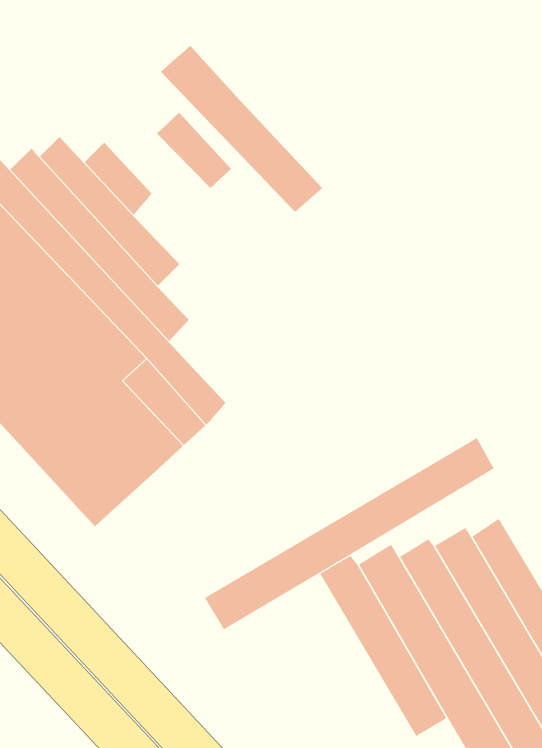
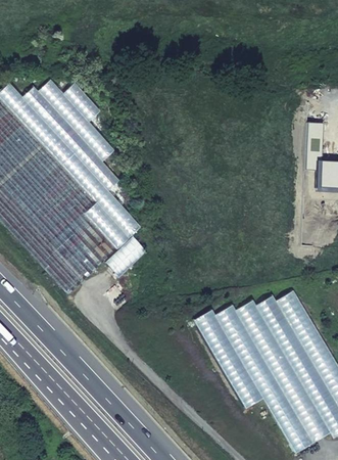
building: [160,45,323,213] -> none
building: [156,112,232,189] -> none
building: none -> [104,234,147,278]
building: [204,437,495,630] -> none

